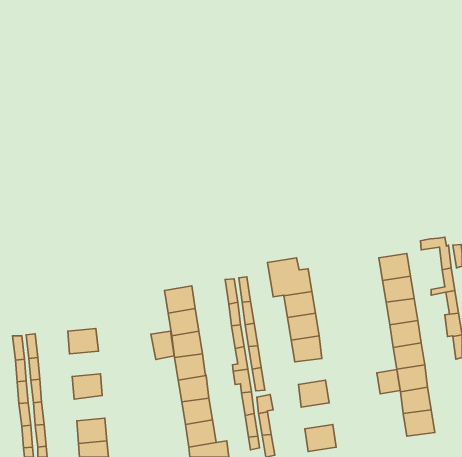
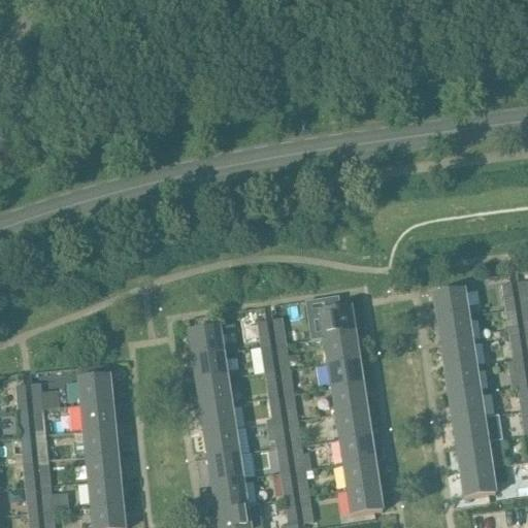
building: [151,331,174,360] -> none
building: none -> [79,400,114,429]
building: none -> [336,408,371,438]
building: [377,369,400,394] -> none
building: none -> [85,451,120,480]
building: none -> [343,459,380,489]

